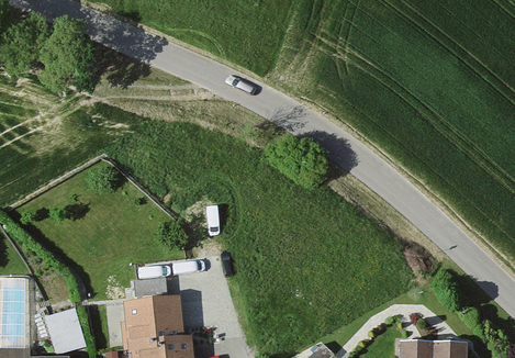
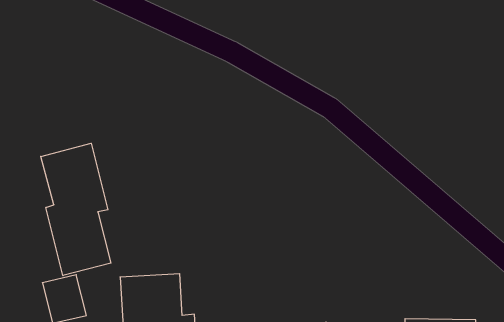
building: none -> [41,143,111,276]

